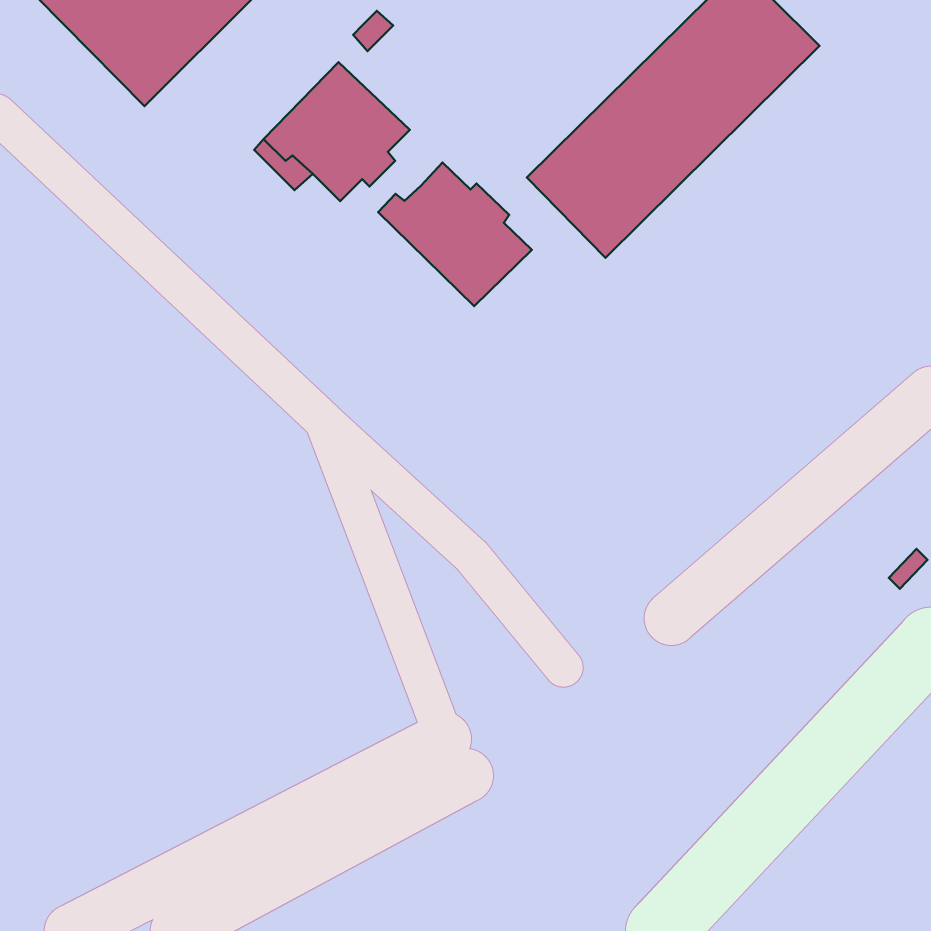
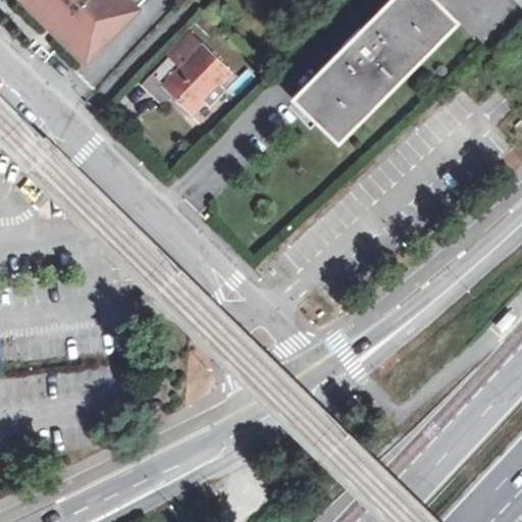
building: [378,163,532,306] -> none

